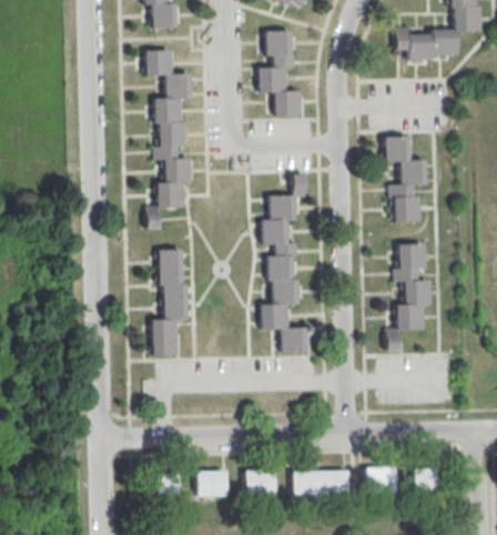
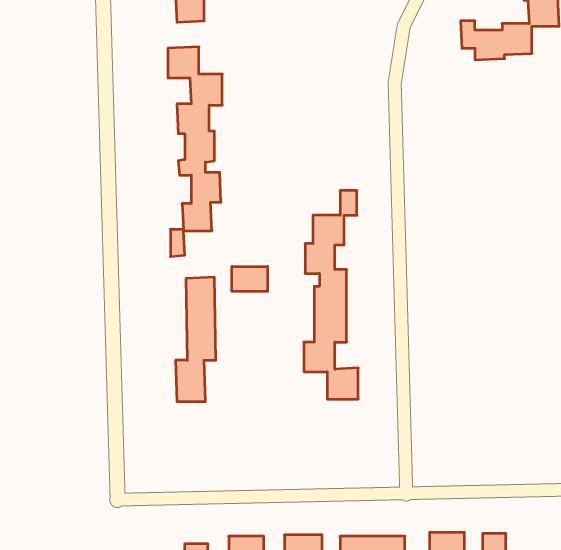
building: [258,30,301,115] -> none
building: [385,135,427,221] -> none
building: none -> [232,266,268,291]
building: [387,244,430,350] -> none

